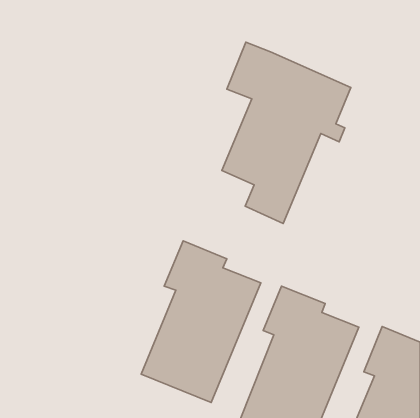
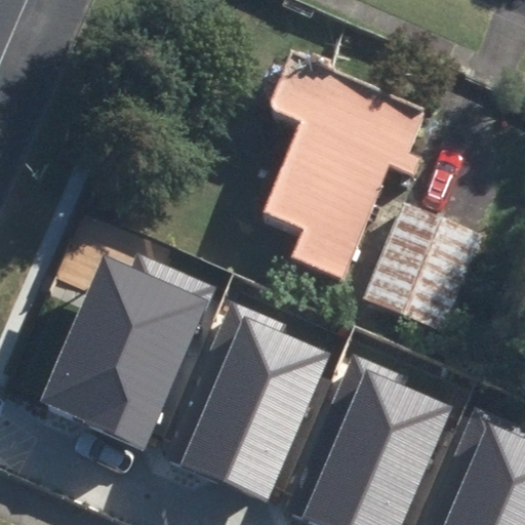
building: none -> [371,207,488,333]
building: none -> [39,257,214,450]

